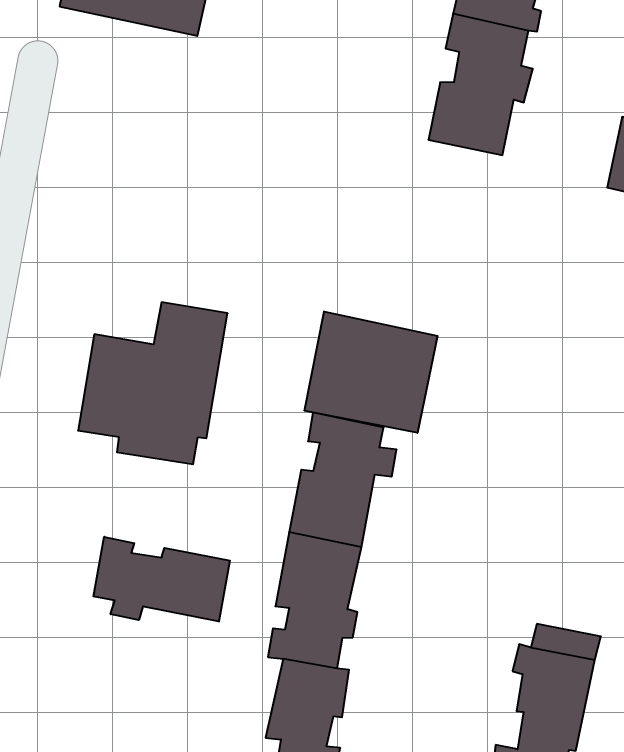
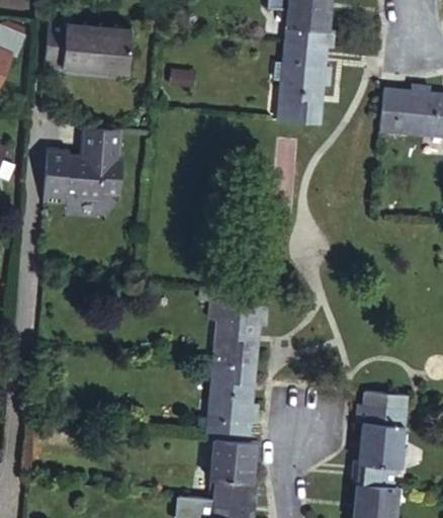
building: [78,302,228,464] -> [45,124,124,218]
building: [305,311,438,433] -> none
building: [93,537,230,622] -> none

